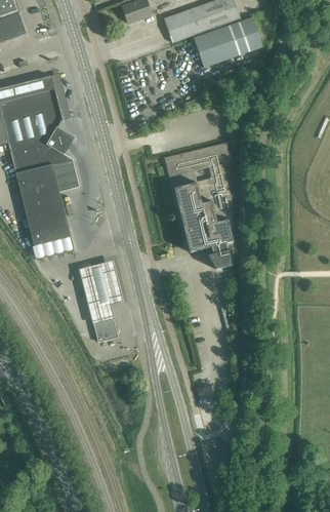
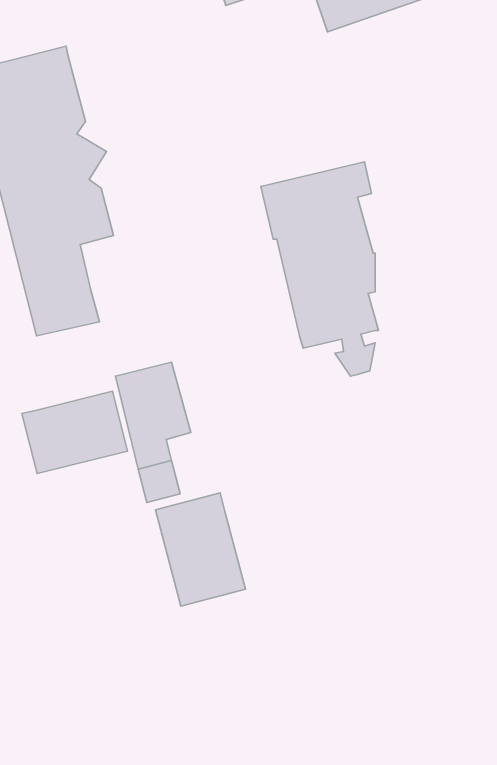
building: none -> [22,391,128,474]
building: none -> [156,493,245,606]

